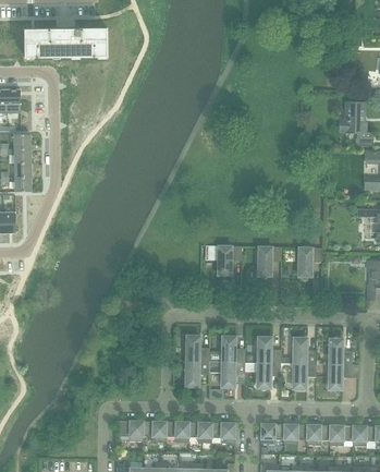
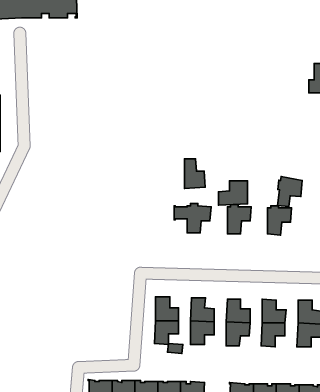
building: none -> [184,159,205,188]
building: none -> [277,177,302,207]
building: none -> [218,181,248,205]

